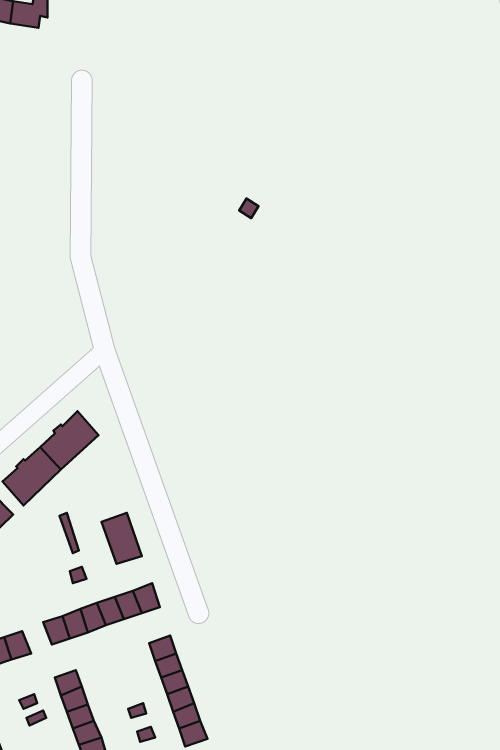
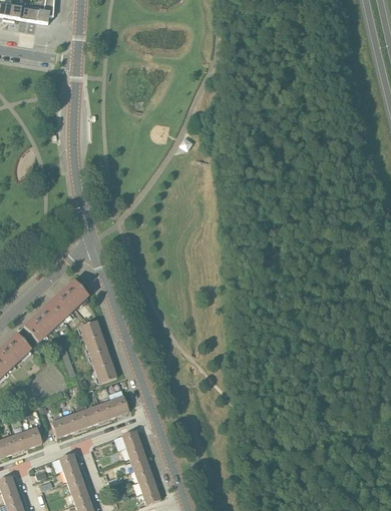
building: none -> [79,320,106,354]

